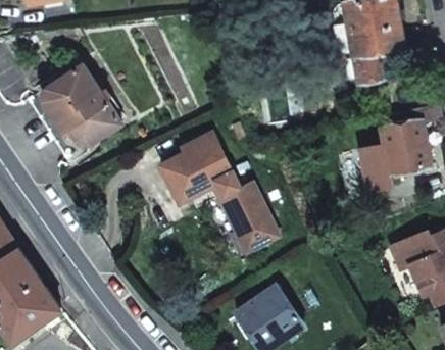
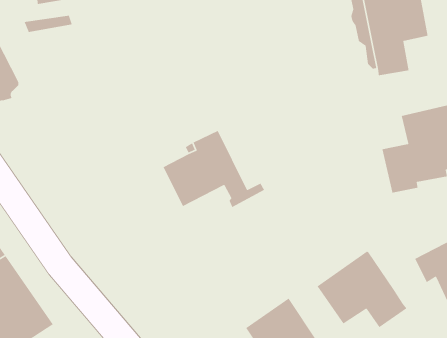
building: [27,62,121,158] -> none
building: [224,186,279,249] -> none
building: none -> [317,251,407,328]

